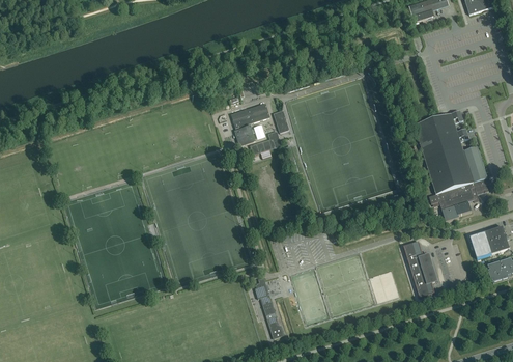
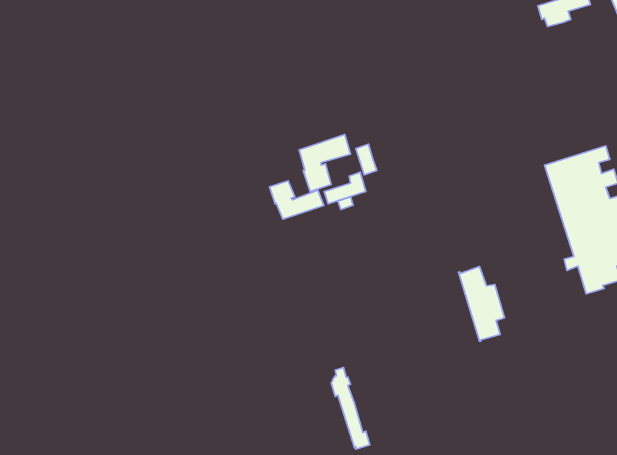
building: none -> [270,181,324,219]
building: [403,241,437,297] -> [459,266,504,341]

